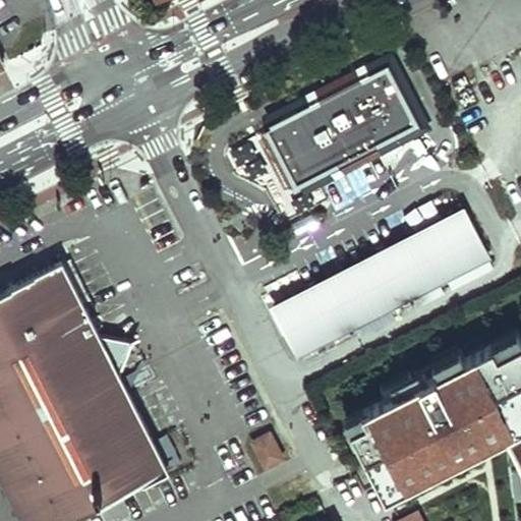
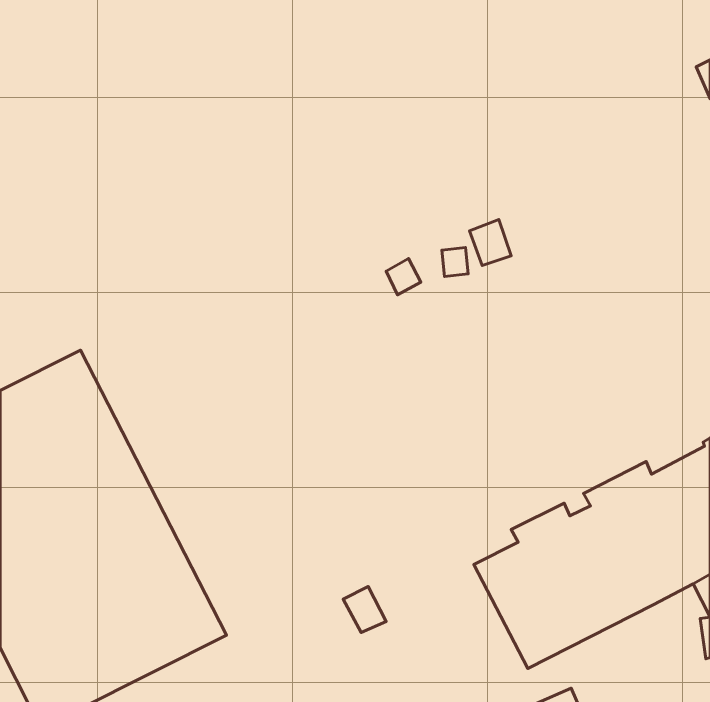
building: [262,71,416,192] -> none
building: [272,217,494,359] -> none

